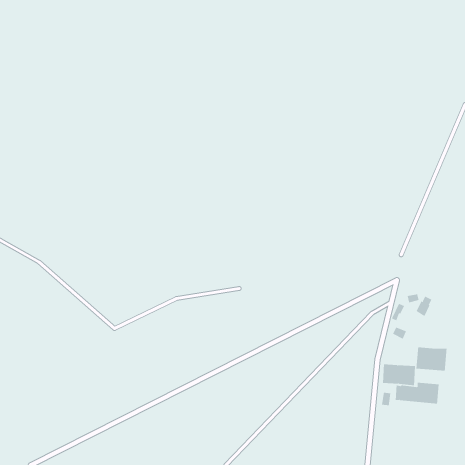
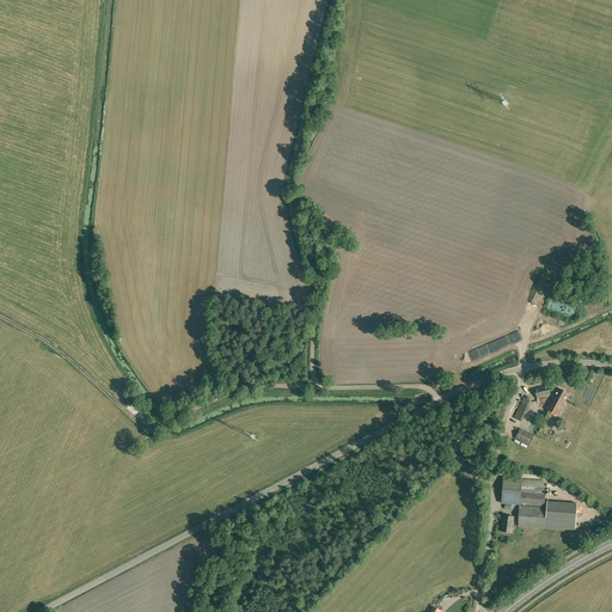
building: [416,347,447,372] -> none

